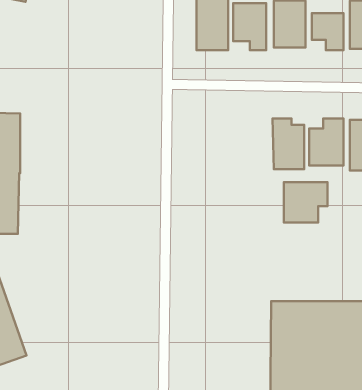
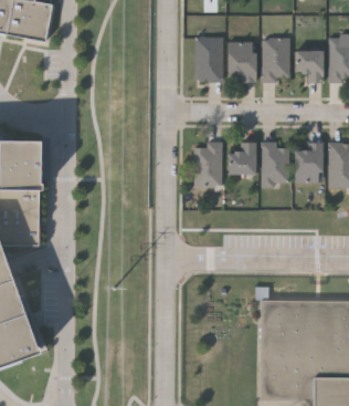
building: none -> [194,142,222,187]
building: none -> [228,143,255,175]
building: [284,182,328,223] -> none

